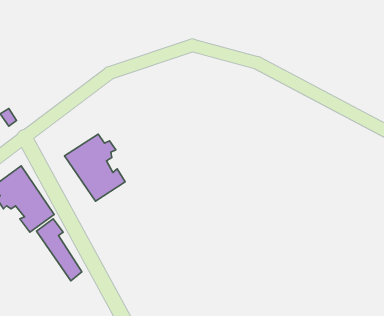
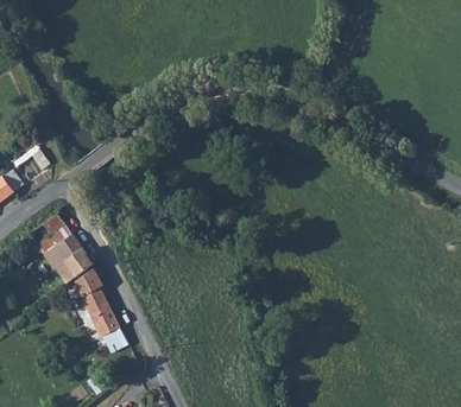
building: [65,134,125,201] -> none

